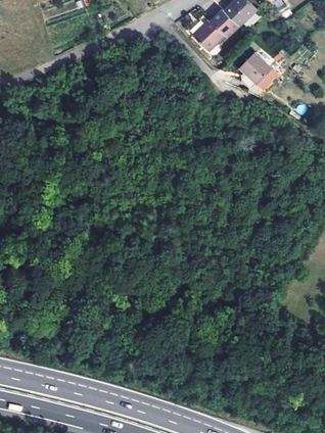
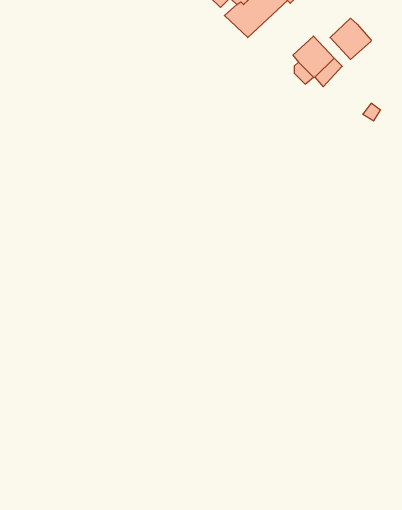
building: none -> [330,18,371,59]

